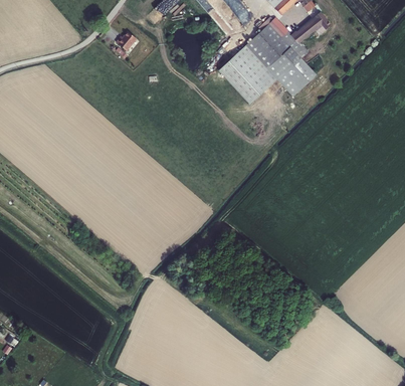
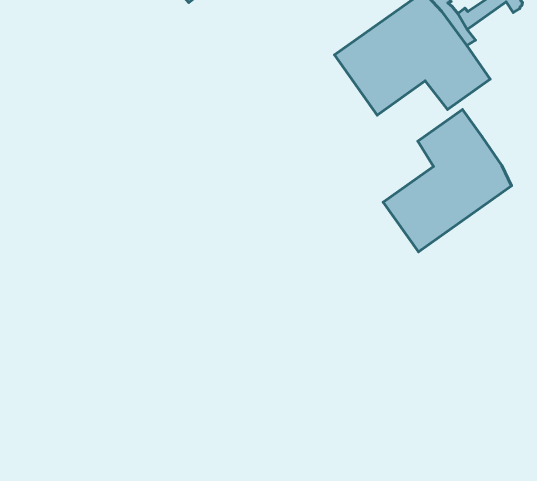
building: none -> [383,110,512,252]

